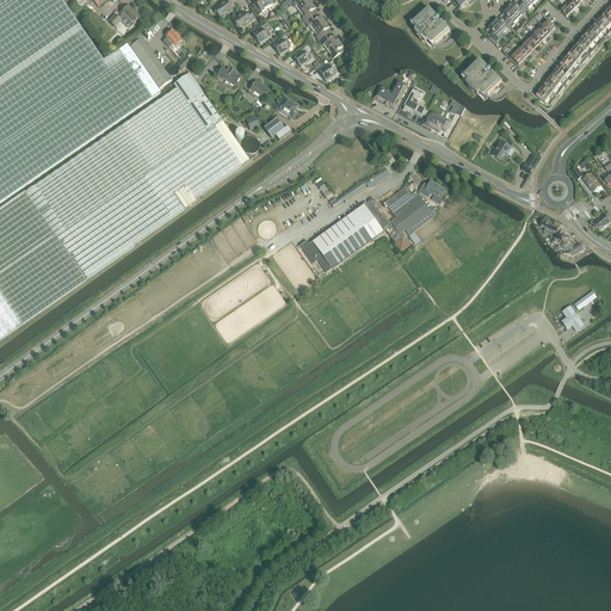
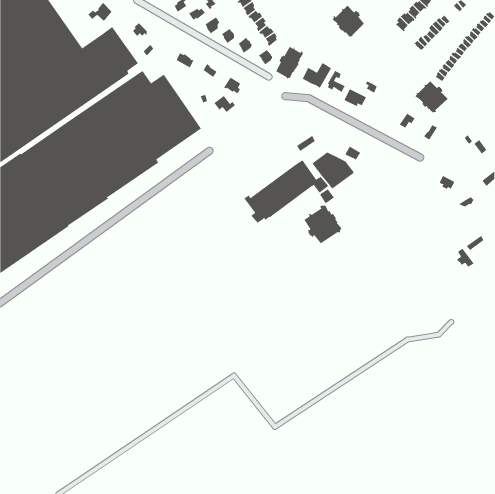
building: none -> [276,46,304,80]
building: [459,57,501,98] -> [415,81,449,114]
building: none -> [303,204,342,244]

